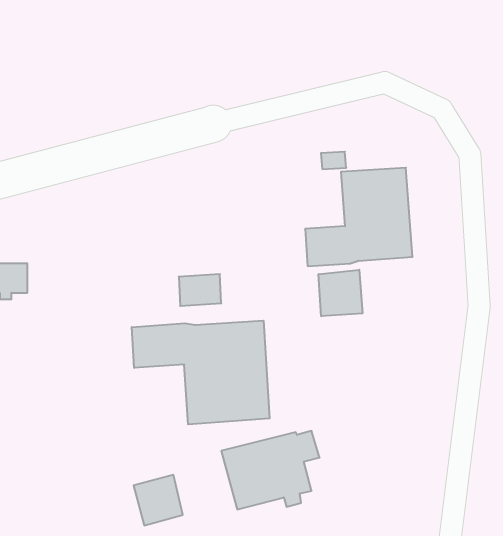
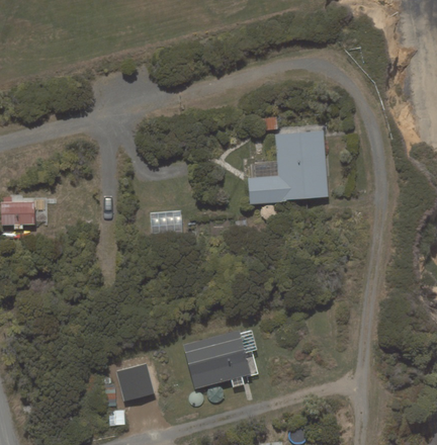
building: [319,270,362,316] -> none
building: [132,321,270,424] -> none

